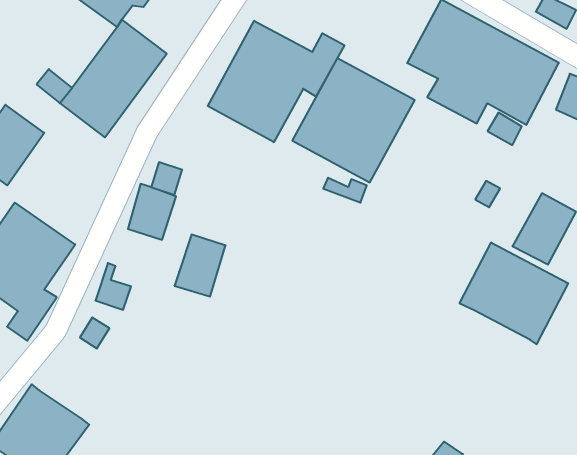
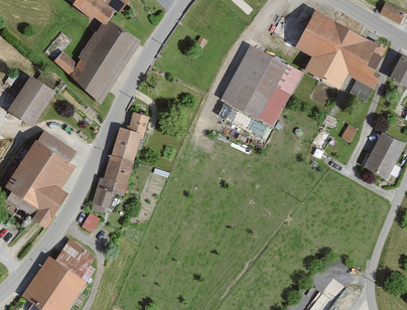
building: [208,21,344,142] -> none
building: [174,235,226,297] -> [102,155,135,195]
building: [460,242,568,344] -> none
building: none -> [55,239,96,278]

